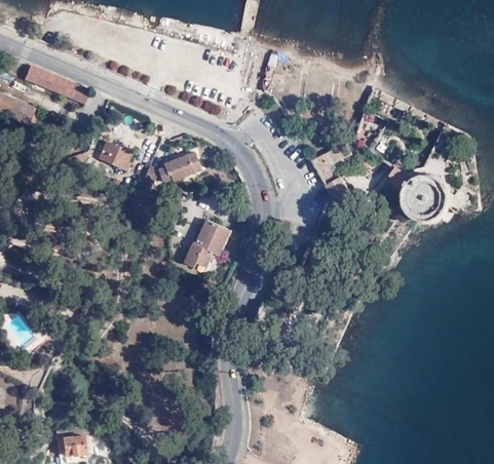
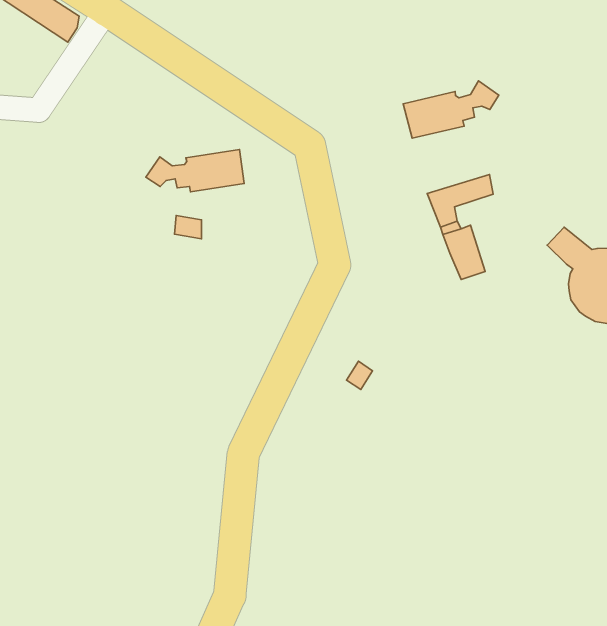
building: none -> [403,81,499,138]
building: [100,143,134,173] -> none
building: [184,220,229,267] -> none

